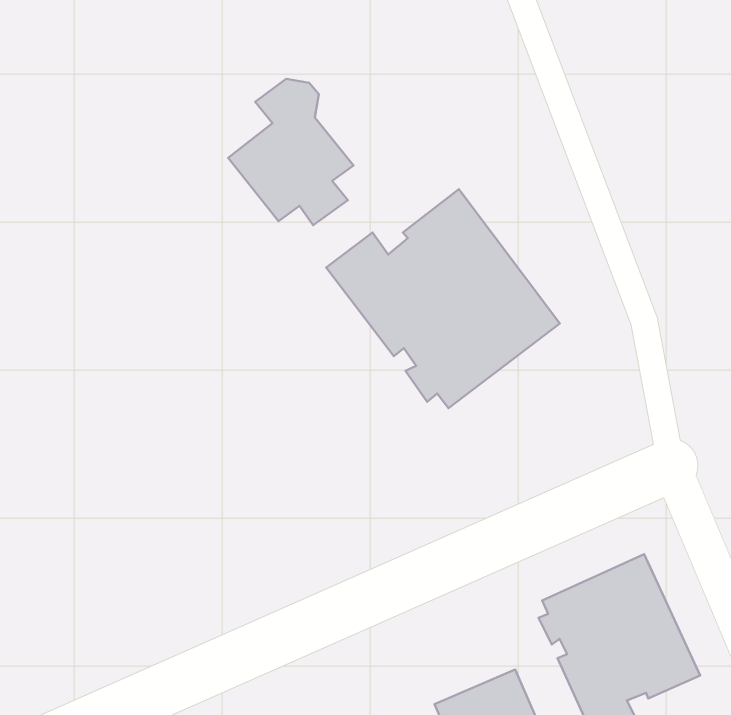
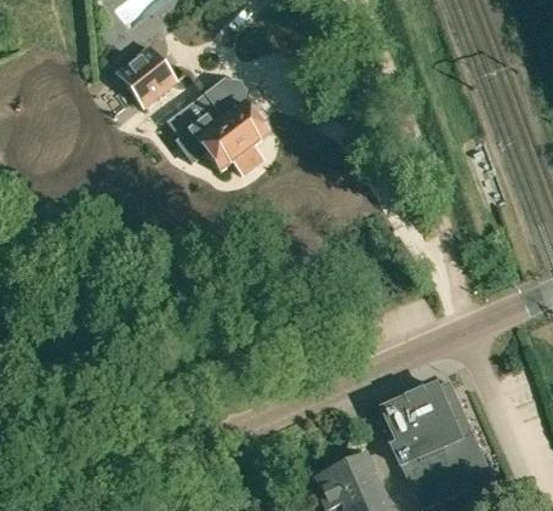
building: none -> [112,41,176,106]
building: [326,189,560,408] -> none

